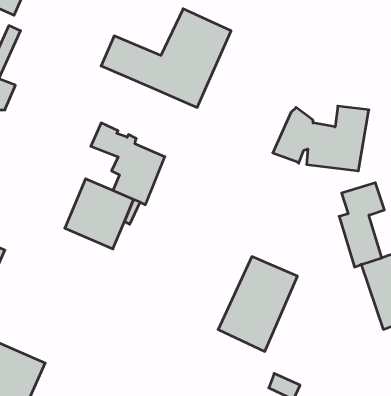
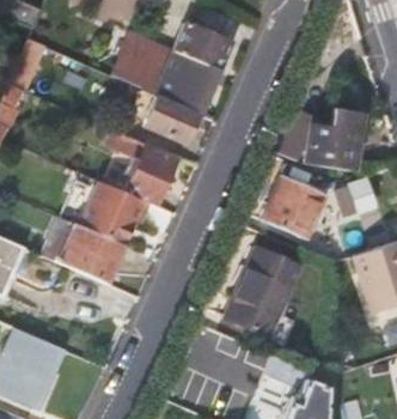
building: none -> [146,95,208,141]
building: none -> [259,180,323,241]
building: none -> [59,223,126,281]

